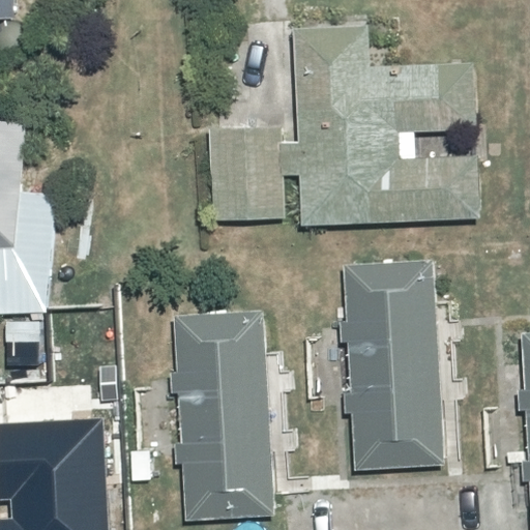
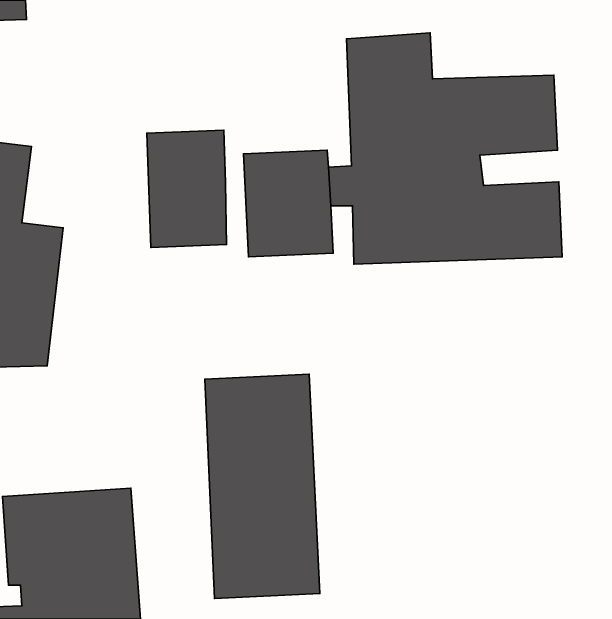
building: none -> [147,130,227,247]
building: [344,264,440,468] -> none

